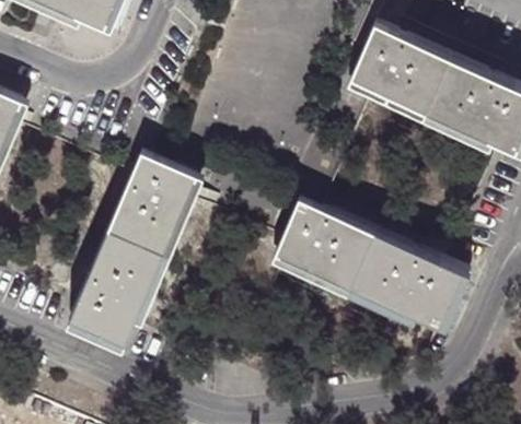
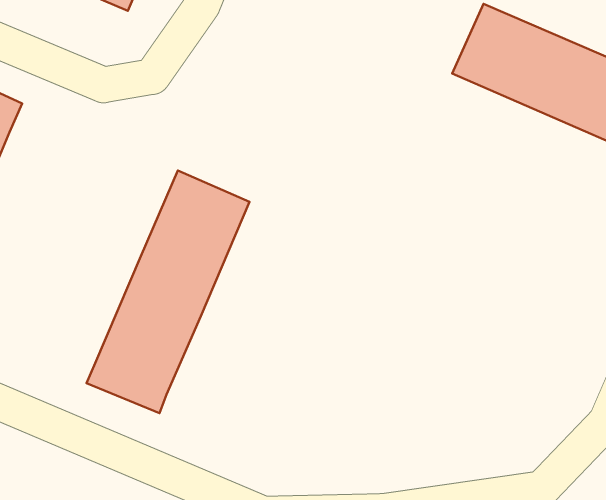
building: [278,203,464,328] -> none

